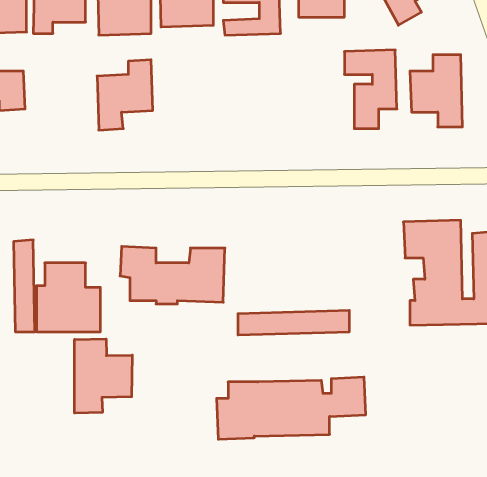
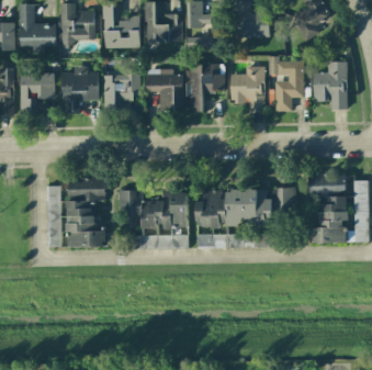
building: none -> [189,64,224,112]
building: none -> [63,66,99,113]
building: none -> [230,66,264,111]
building: none -> [146,69,183,110]
building: none -> [68,177,106,200]
building: [75,339,132,413] -> none
building: [217,377,366,439] -> [196,187,296,228]

